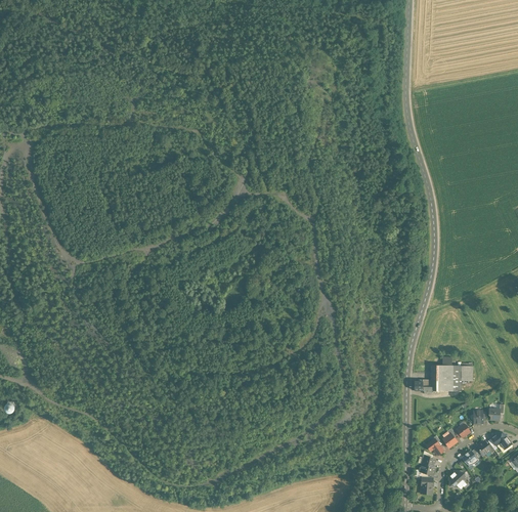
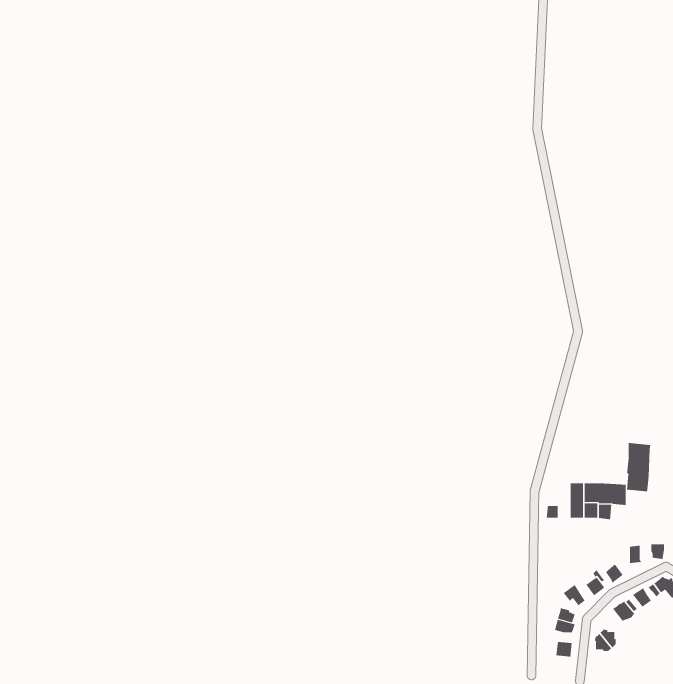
building: none -> [626,442,651,492]

